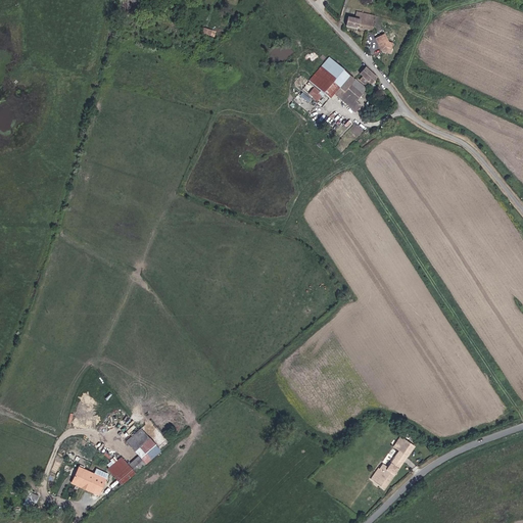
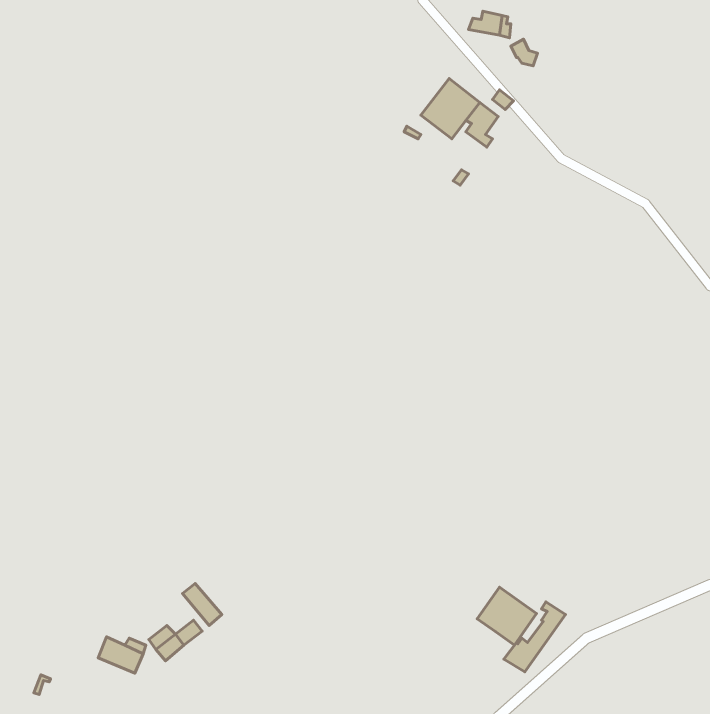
building: none -> [477,587,537,645]

